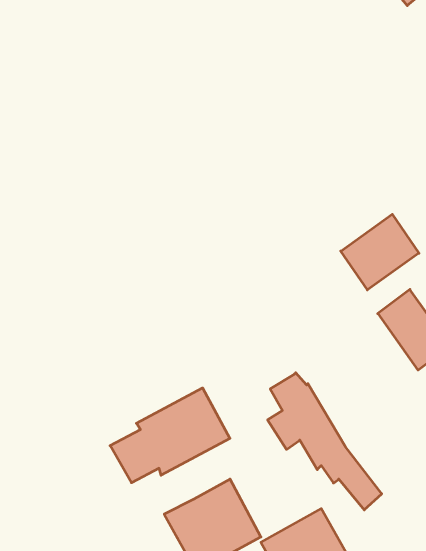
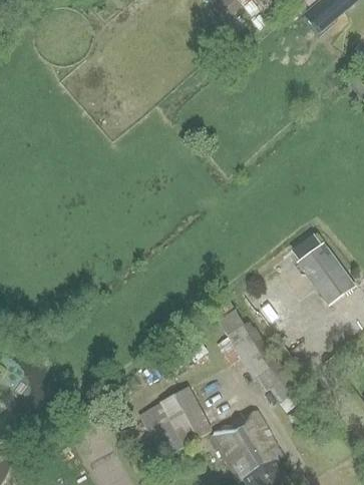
building: [341,214,419,290] -> none
building: [110,388,230,483] -> none

